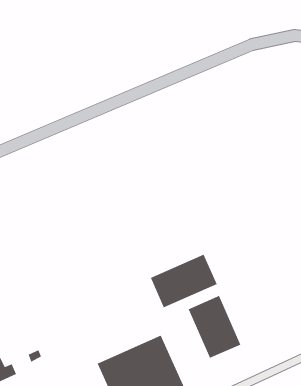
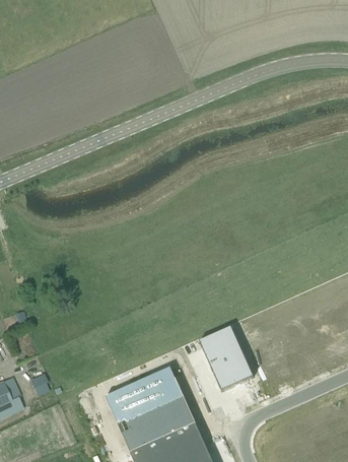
building: [150,254,218,308] -> none

